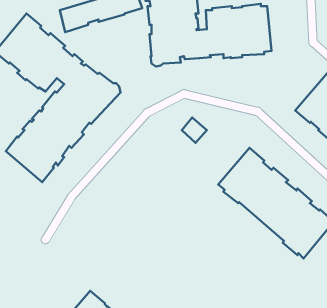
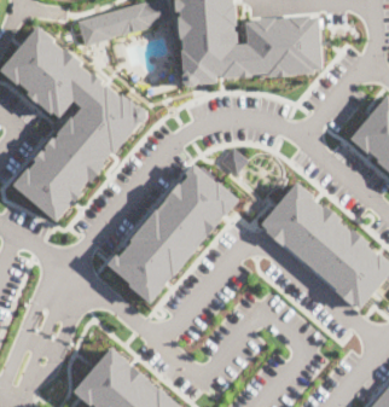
building: none -> [106,163,238,303]

